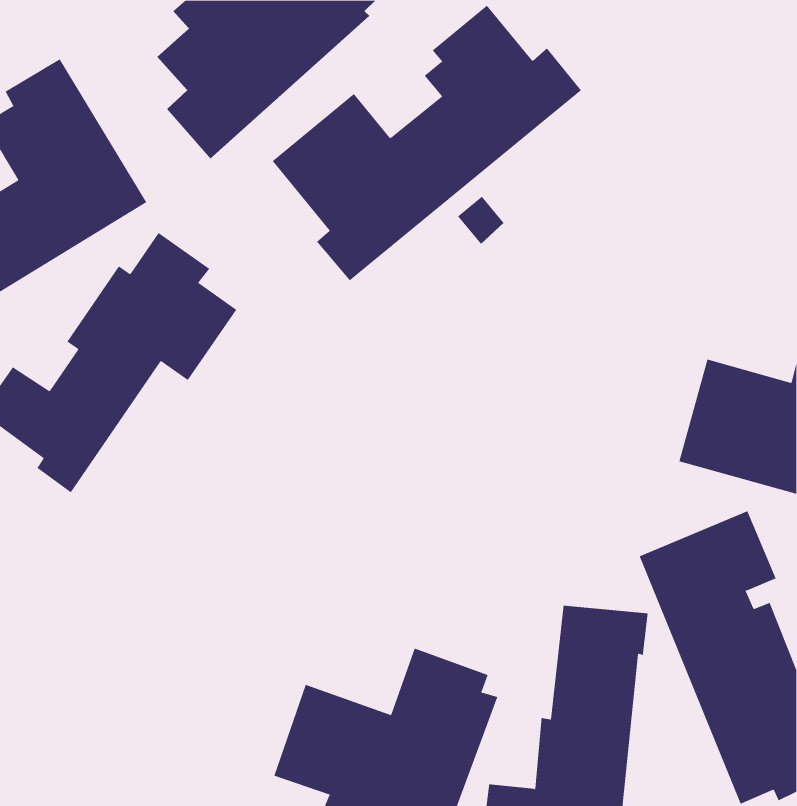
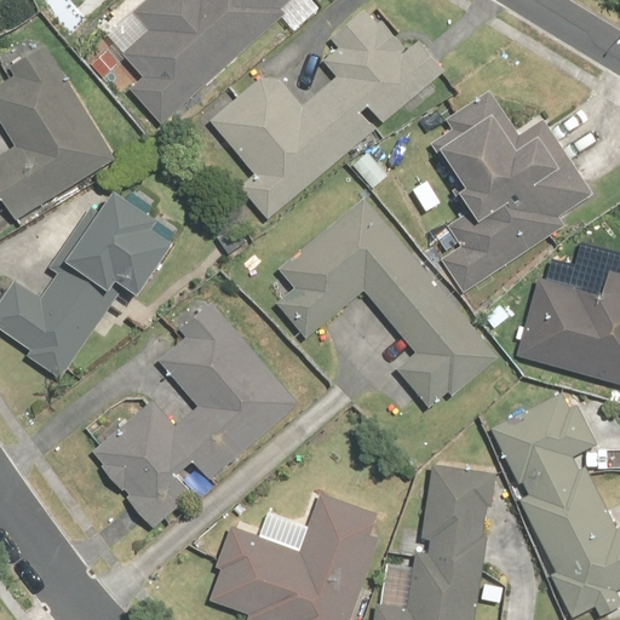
building: none -> [430,94,591,295]
building: none -> [280,196,496,404]
building: none -> [87,293,298,528]

